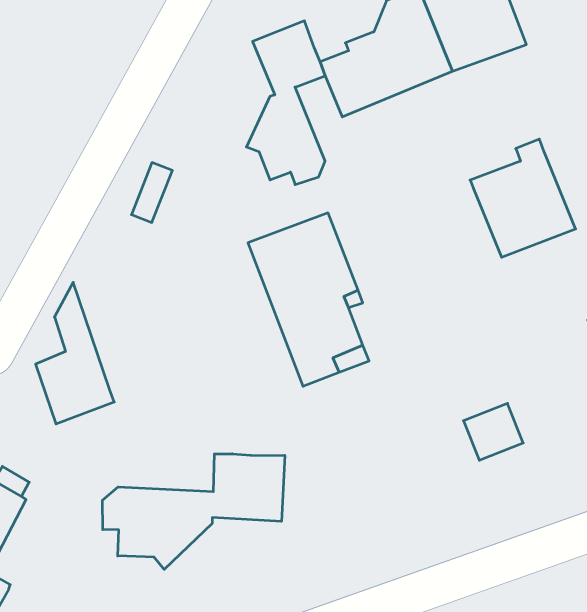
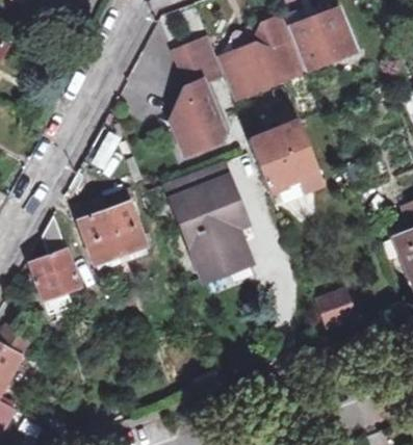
building: [470,139,576,257] -> [248,112,317,190]
building: none -> [80,203,148,272]
building: [103,454,285,569] -> none

